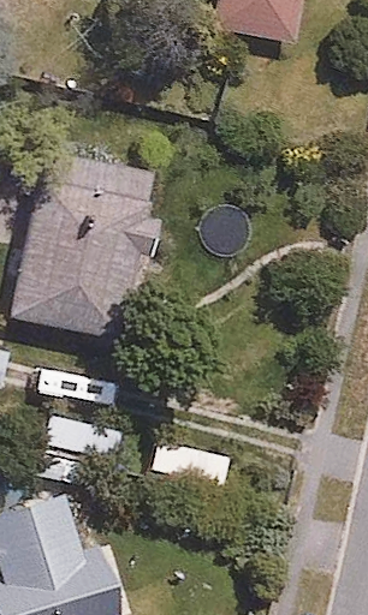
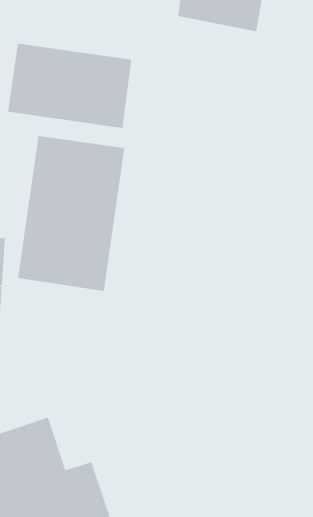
building: none -> [7,43,132,129]

